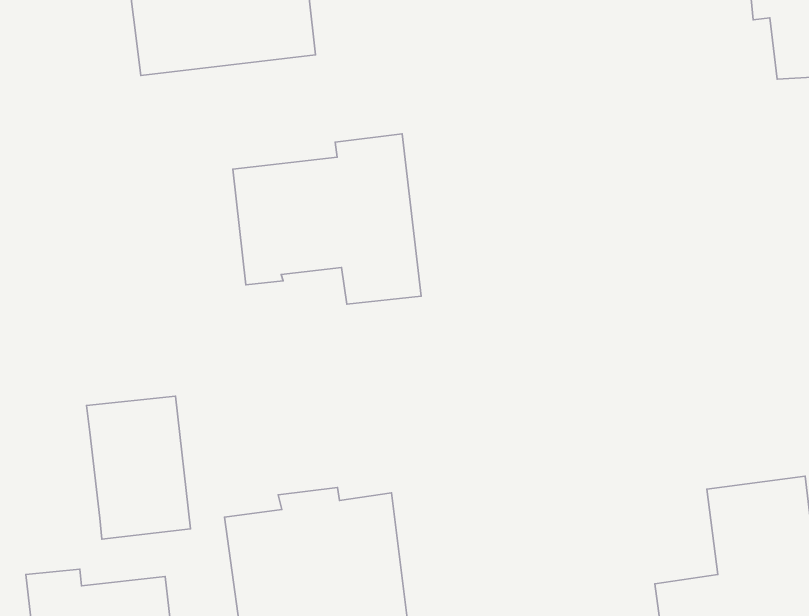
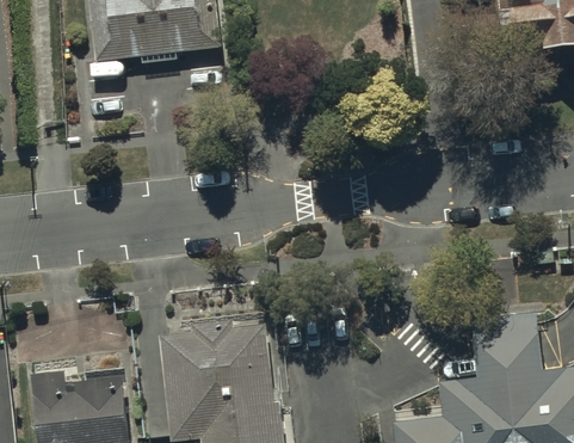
building: [233,134,421,304] -> none
building: [87,396,190,539] -> none

